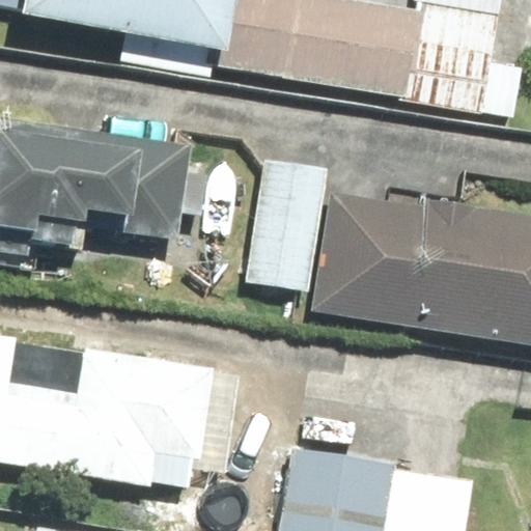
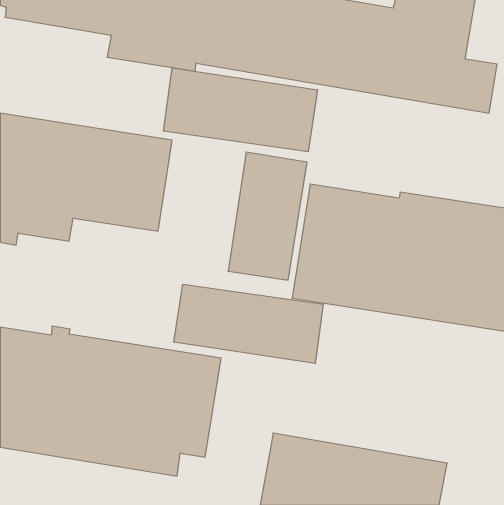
building: none -> [163,68,318,152]
building: none -> [174,284,323,364]

